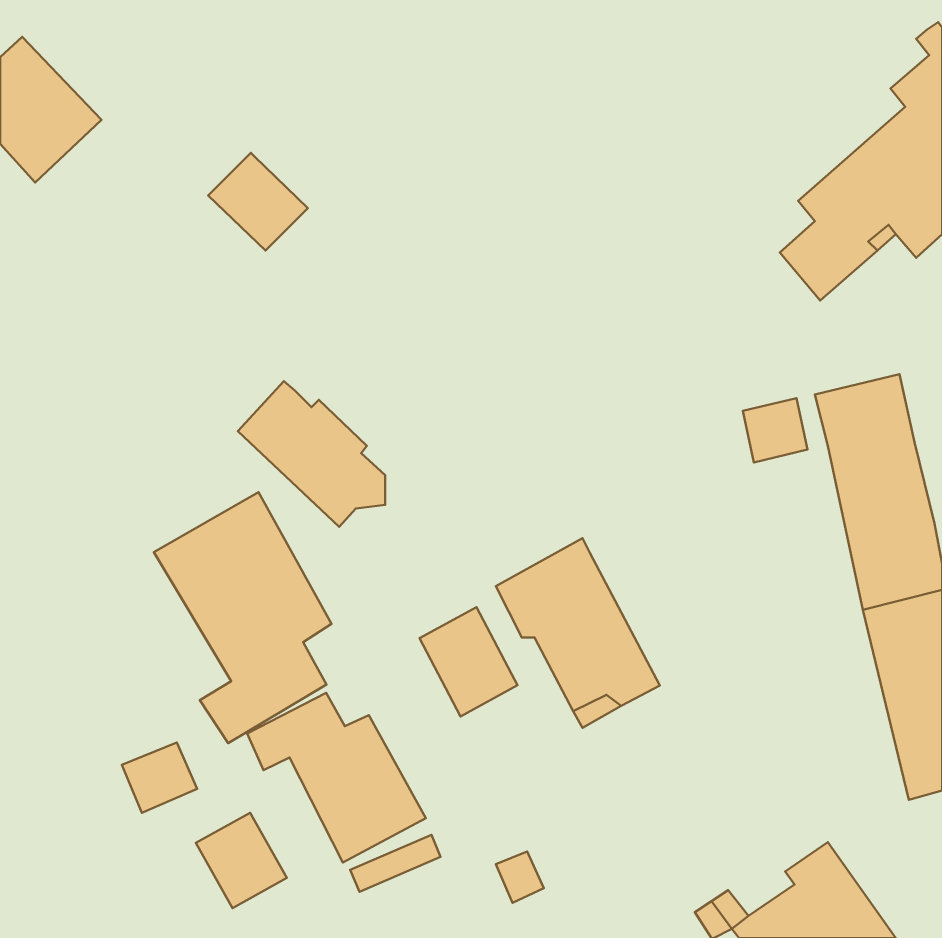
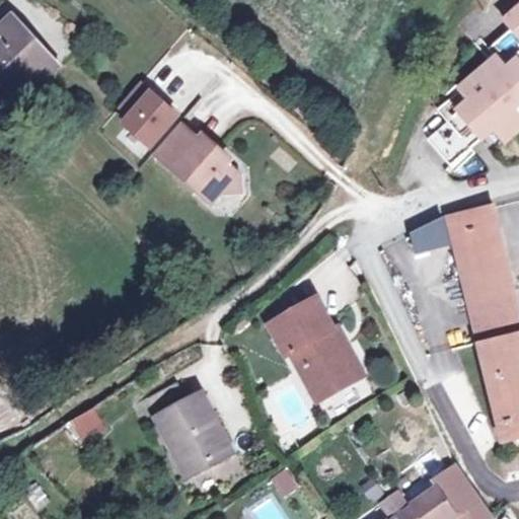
building: [238,381,385,527] -> [157,123,238,203]
building: [154,492,331,743] -> none
building: [419,607,518,716] -> none
building: [196,813,287,908] -> none

